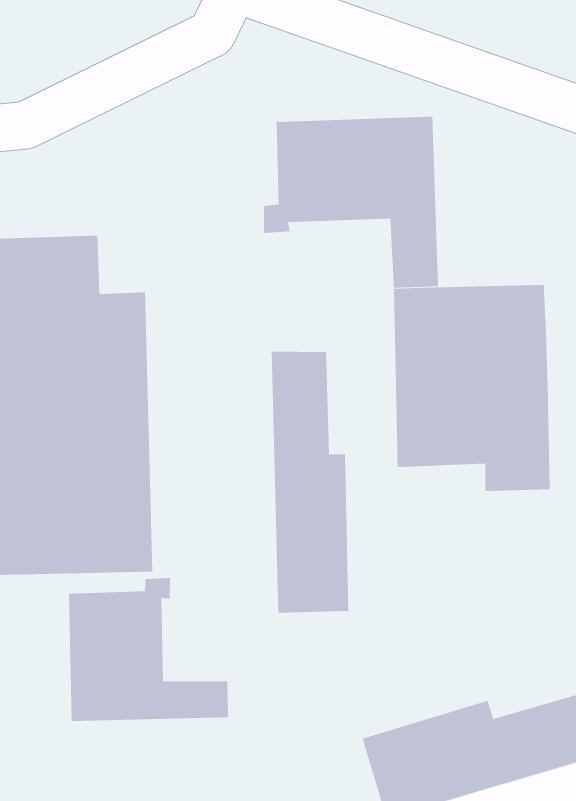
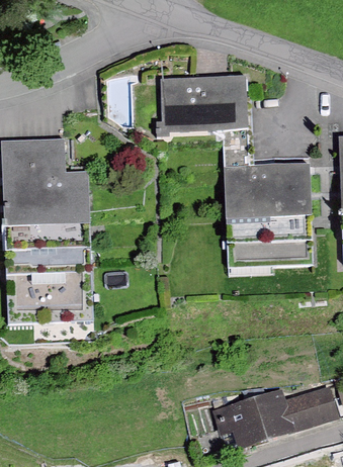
building: [271,351,349,613] -> none
building: [68,577,228,722] -> none

